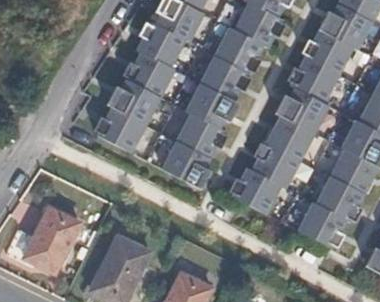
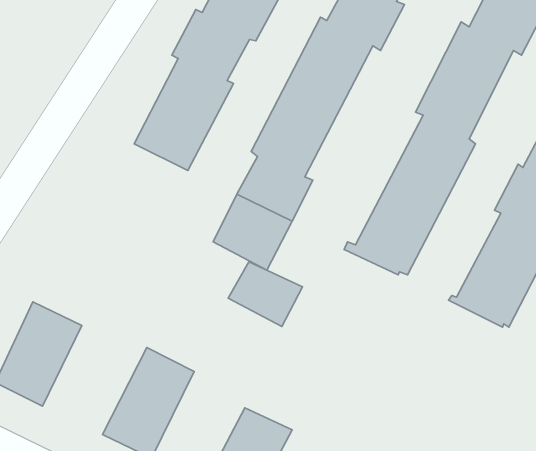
building: [96,106,145,152] -> none
building: [231,173,278,214] -> [228,262,303,326]
building: [297,205,344,248] -> none

